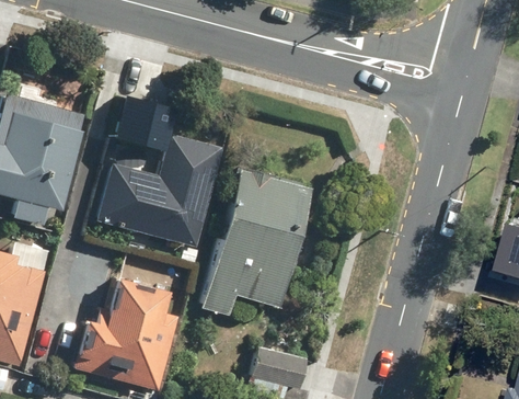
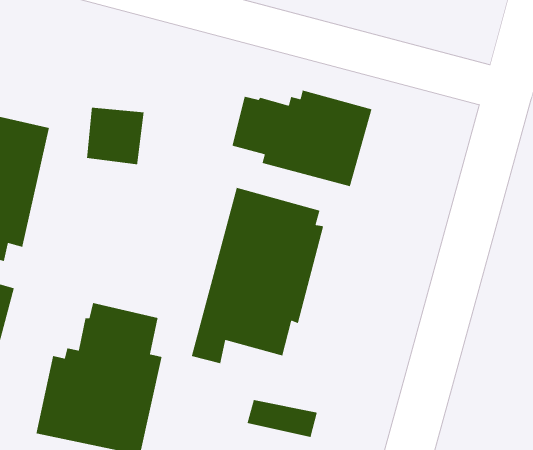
building: none -> [232,90,373,187]
building: [91,132,218,244] -> none

